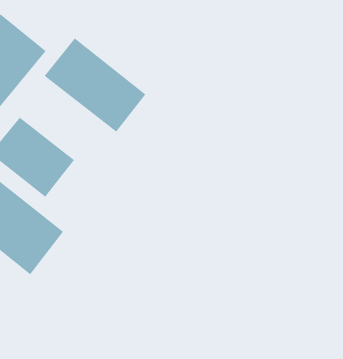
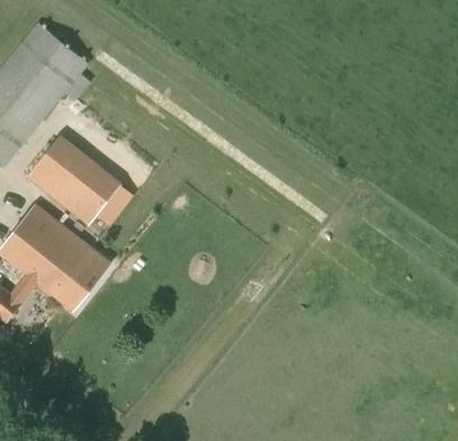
building: [44,38,146,133] -> none

